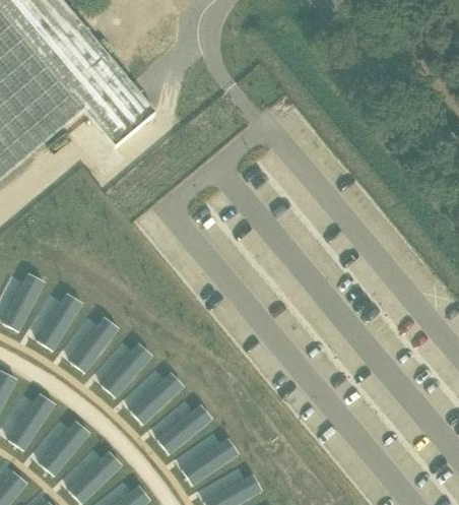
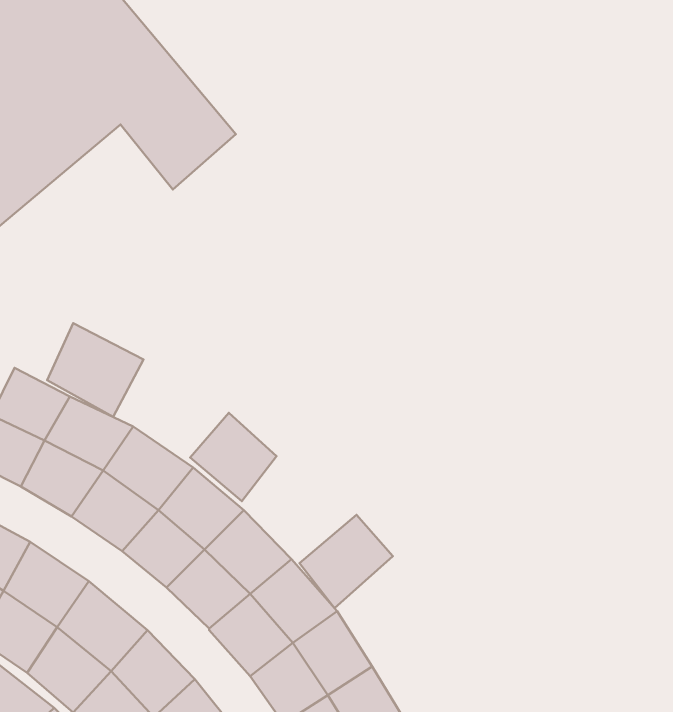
building: none -> [47,323,143,417]
building: none -> [190,413,276,501]
building: none -> [299,515,393,608]

